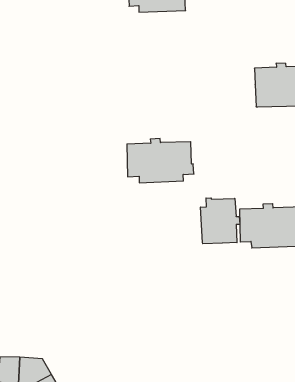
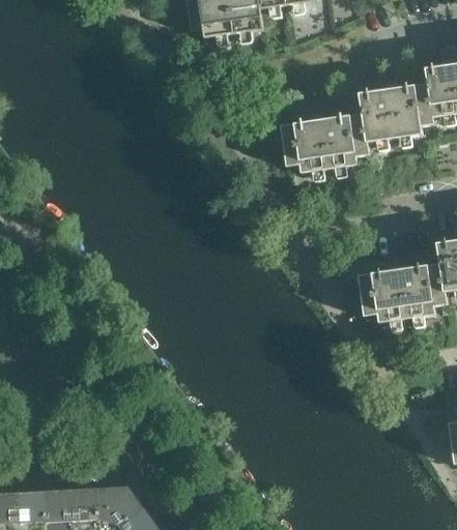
building: [127,139,194,183] -> [282,113,371,172]
building: [201,198,240,244] -> none

